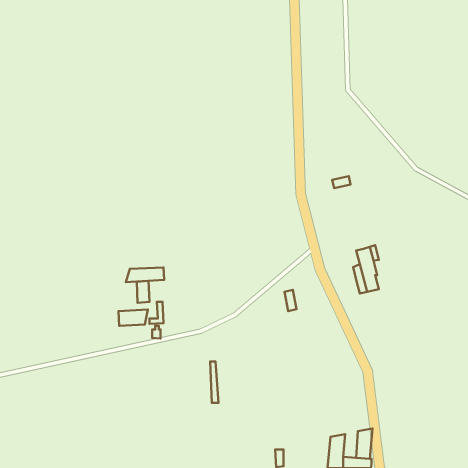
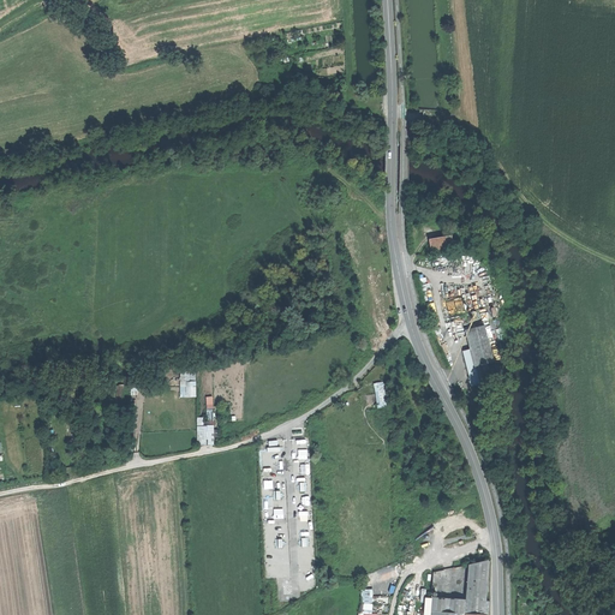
building: [126,267,164,282] -> none
building: [118,309,148,326] -> none

